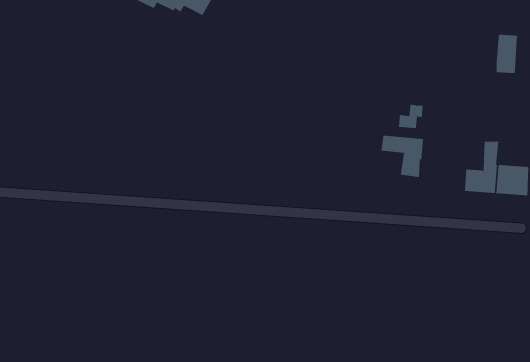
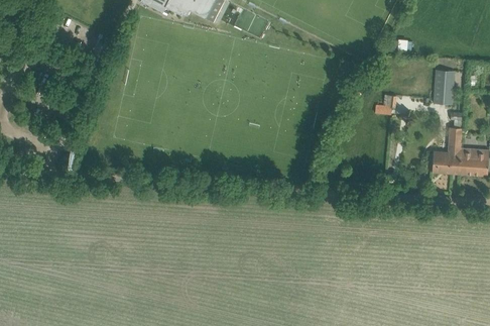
building: [496,34,518,74] -> [434,70,453,104]
building: [381,135,424,178] -> none

